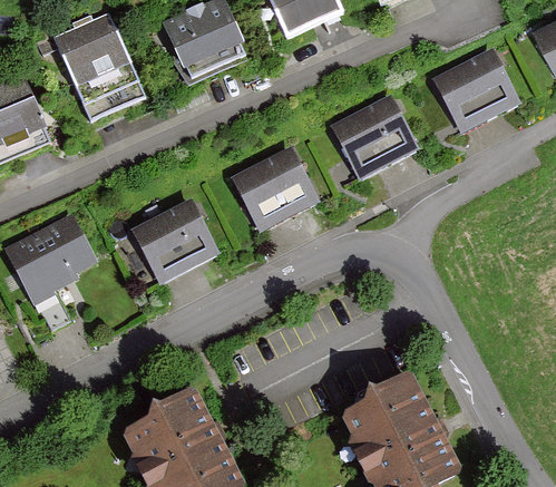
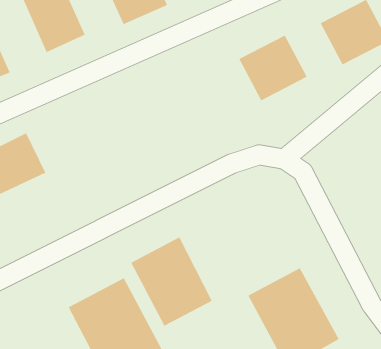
building: [233,146,318,228] -> none
building: [129,201,215,283] -> none
building: none -> [131,236,213,326]

